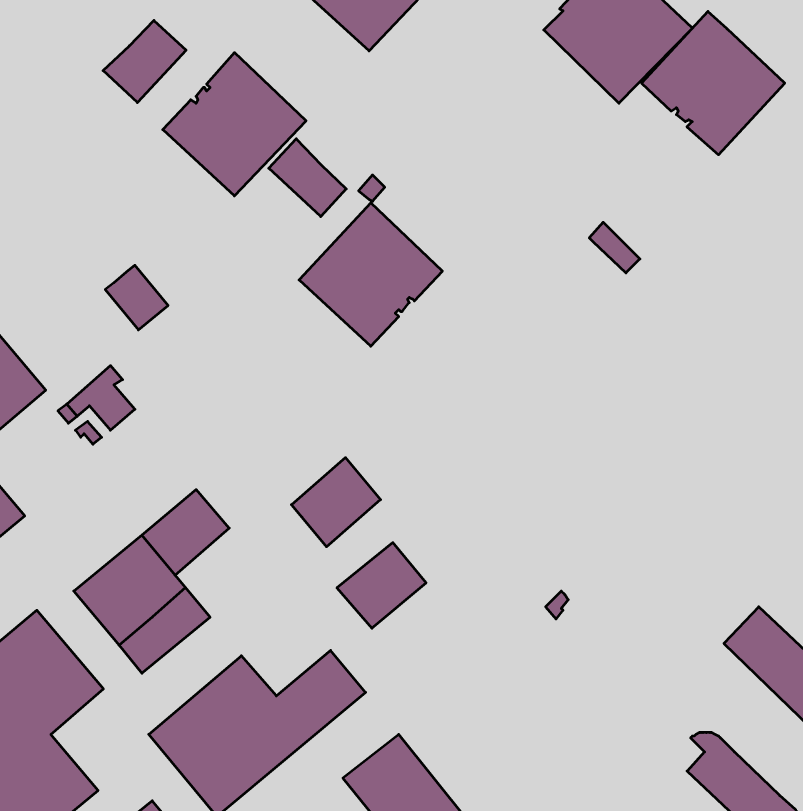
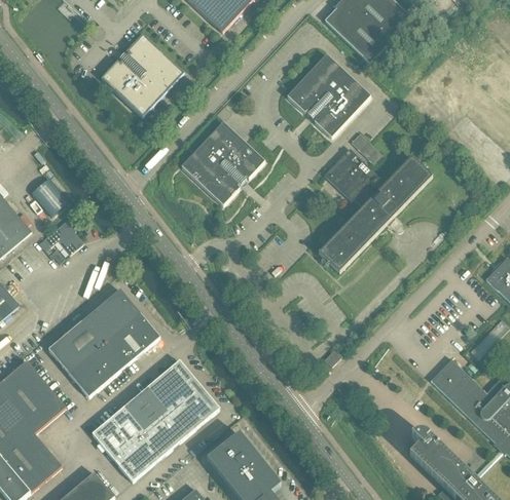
building: [642,11,785,155] -> [286,53,370,138]
building: [103,20,186,103] -> none
building: [269,139,346,217] -> none
building: none -> [318,148,431,273]
building: [105,265,168,330] -> [31,178,68,216]
building: [291,458,381,547] -> [107,312,159,364]
building: [337,543,426,628] -> [146,360,198,411]

